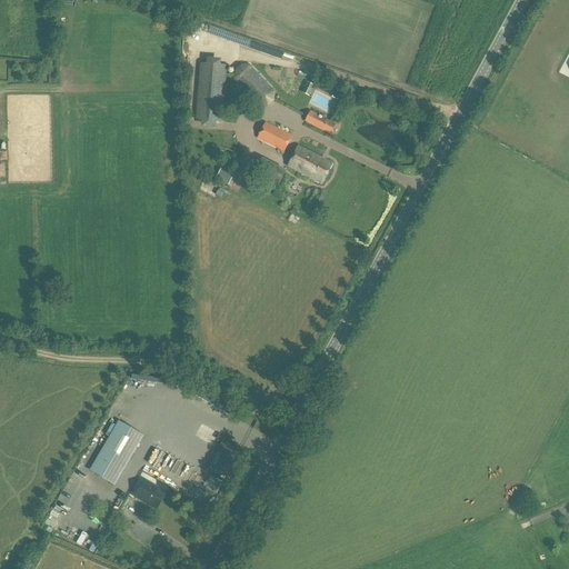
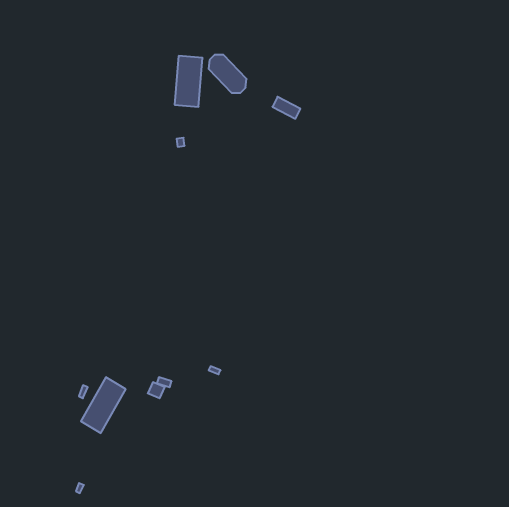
building: [252,118,292,150] -> none
building: [287,144,331,181] -> none
building: [134,478,164,507] -> none

